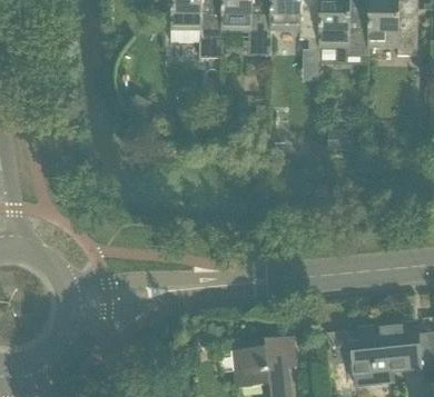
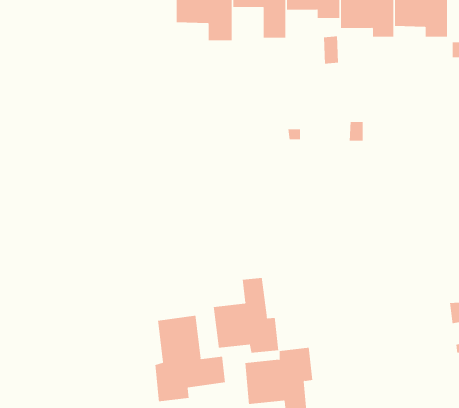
building: none -> [213,277,279,354]
building: none -> [155,315,226,402]
building: [333,321,421,383] -> none

